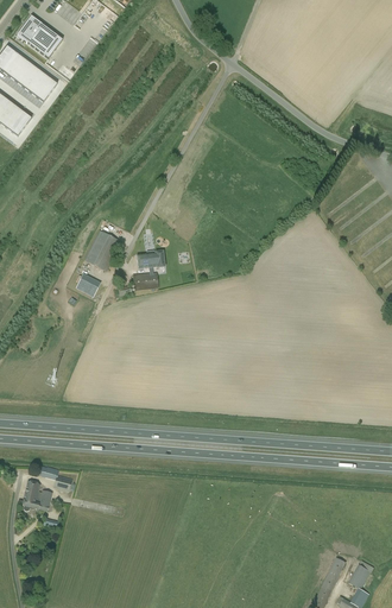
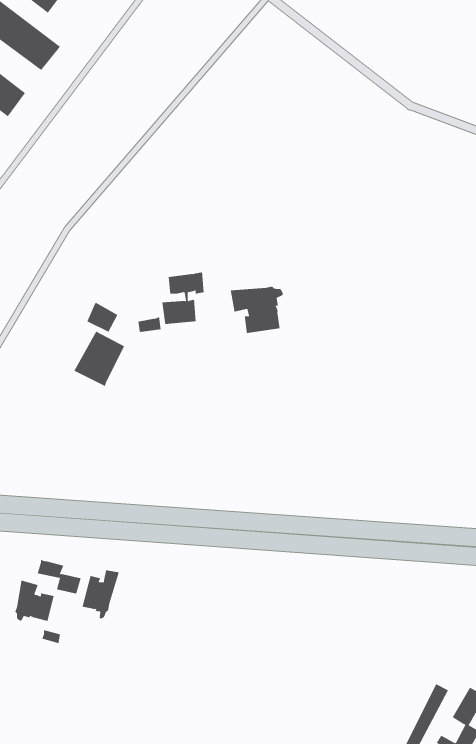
building: [83,229,122,271] -> [73,331,126,387]
building: none -> [230,286,284,334]
building: none -> [82,569,120,619]

